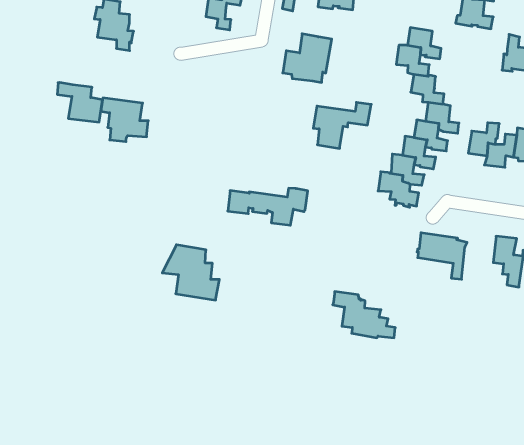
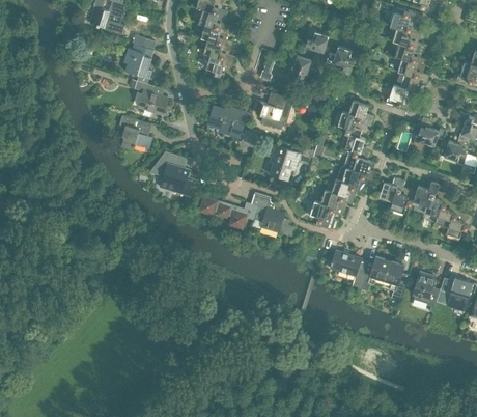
building: none -> [207,107,258,147]
building: [57,83,103,122] -> [134,80,166,113]
building: none -> [359,256,389,289]
building: [162,245,219,300] -> [151,150,192,195]
building: [333,292,395,338] -> [250,193,292,233]

